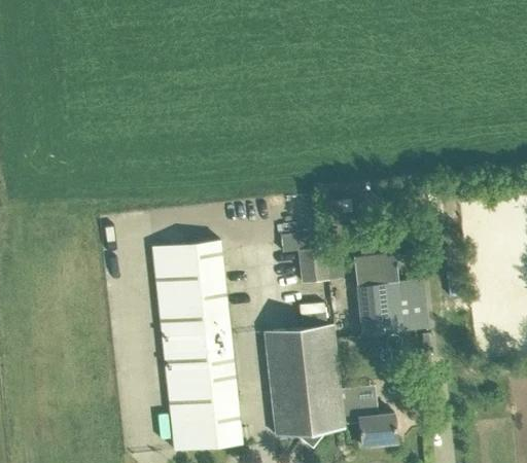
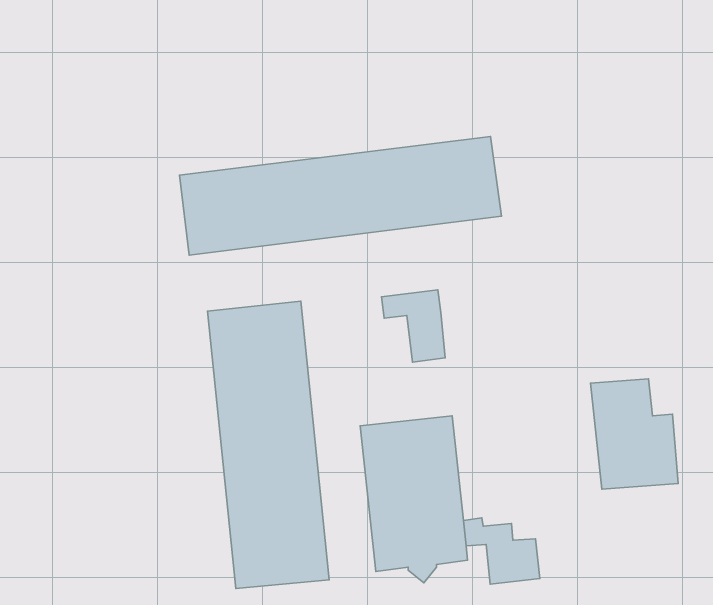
building: none -> [180,137,502,255]
building: [353,255,417,335] -> [590,379,678,489]

